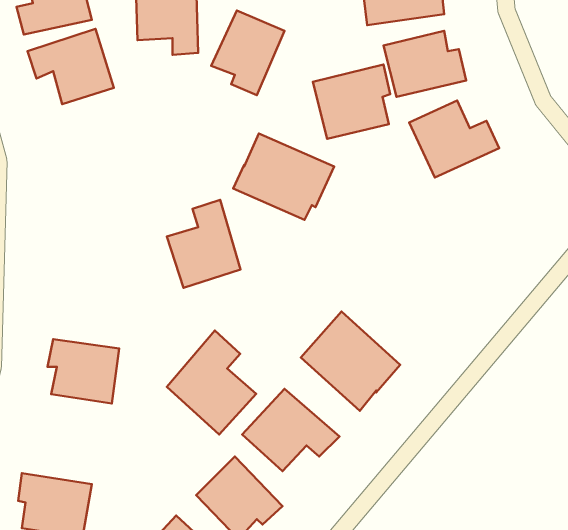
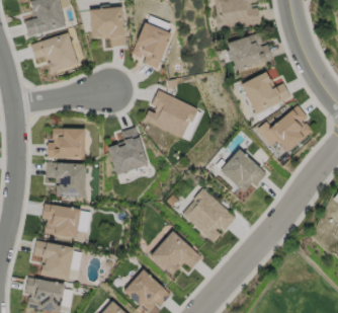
building: [313,65,390,139] -> none
building: none -> [256,105,313,152]
building: none -> [48,129,85,159]
building: none -> [220,149,267,192]
building: none -> [46,163,86,198]
building: [167,330,256,435] -> none
building: none -> [34,241,73,280]

